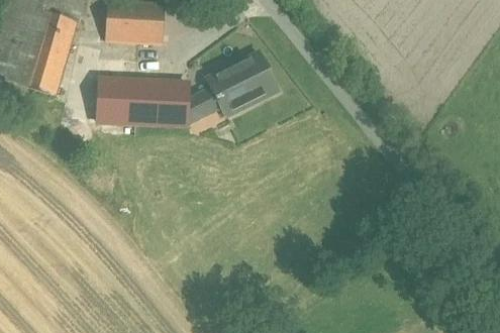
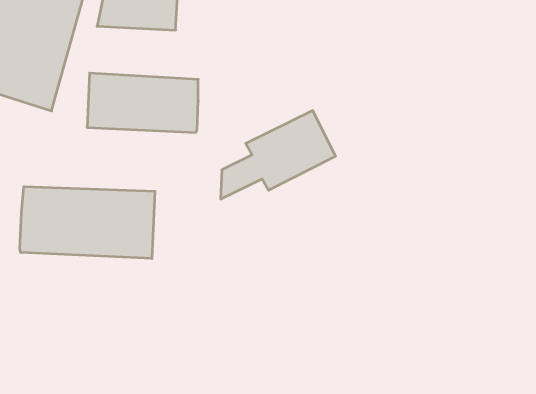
building: [183,51,275,122] -> [221,111,336,199]
building: none -> [20,187,155,259]

